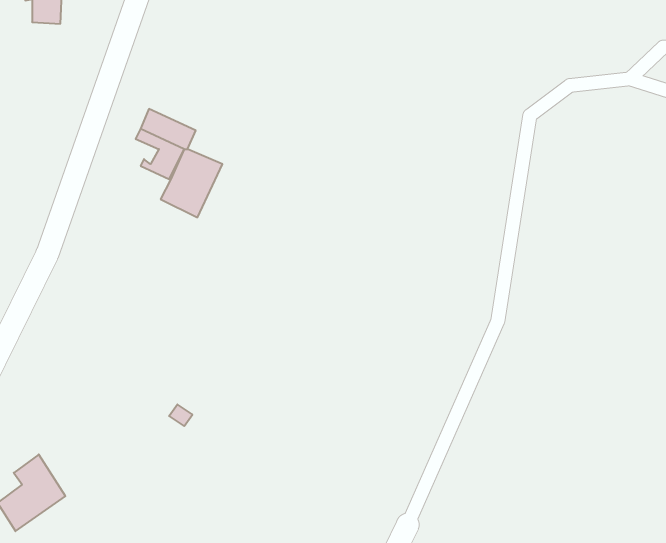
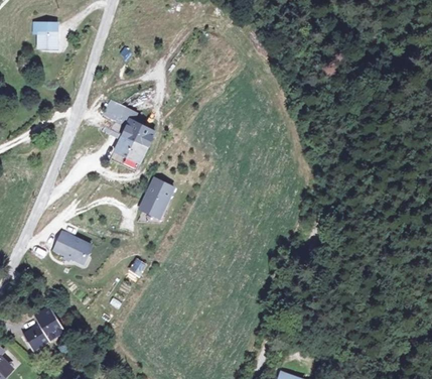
building: none -> [143,179,173,216]
building: none -> [55,232,92,262]

